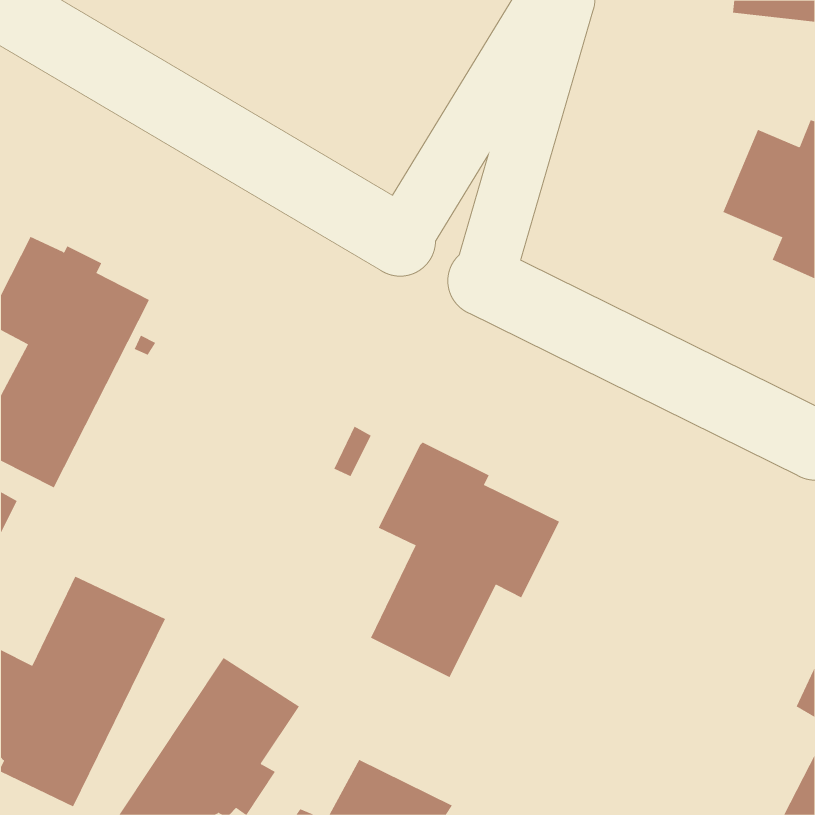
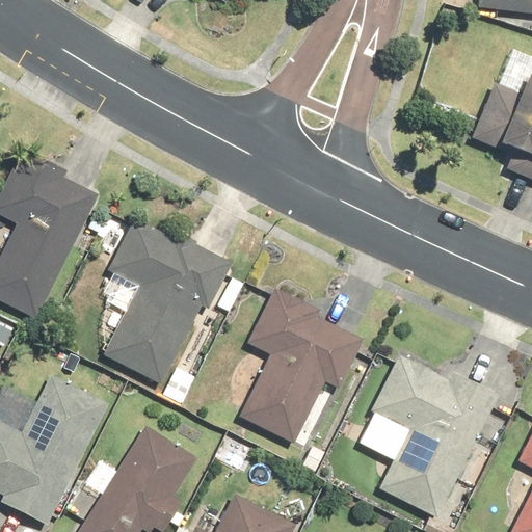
building: none -> [103,216,231,382]
building: none -> [370,355,497,517]

